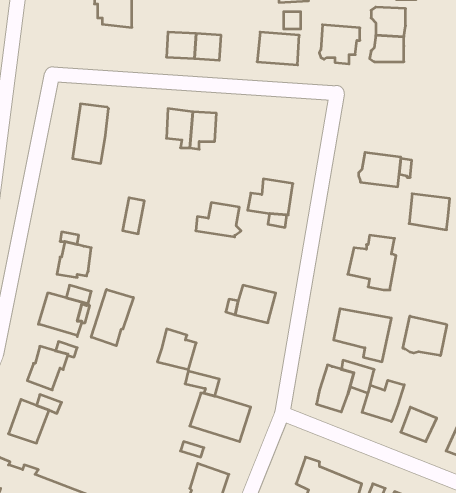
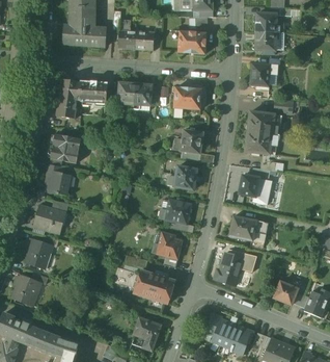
building: none -> [63,26,107,46]
building: [319,25,360,64] -> [250,63,277,89]
building: none -> [78,80,107,102]
building: none -> [173,86,201,110]
building: none -> [51,134,81,162]
building: [409,194,450,230] -> [245,131,272,155]
building: [196,203,241,237] -> [165,166,195,189]
building: [91,289,133,346] -> none
building: [403,316,447,356] -> none
building: [157,329,196,370] -> [156,232,182,259]
building: [362,380,404,422] -> none

